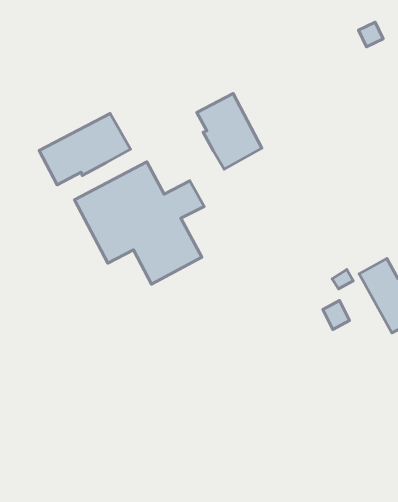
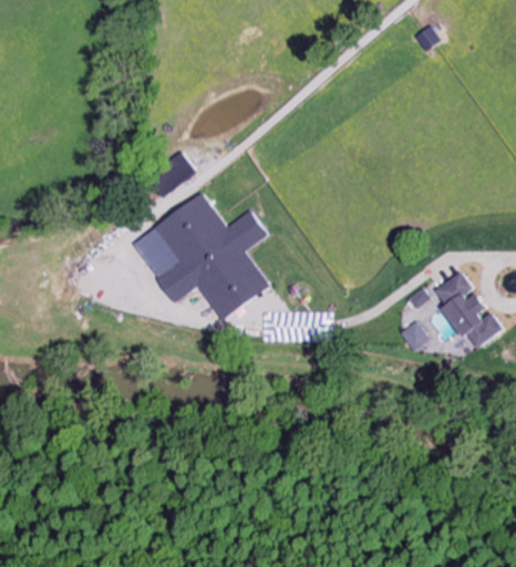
building: [197,94,262,169] -> none
building: [39,114,130,185] -> none

